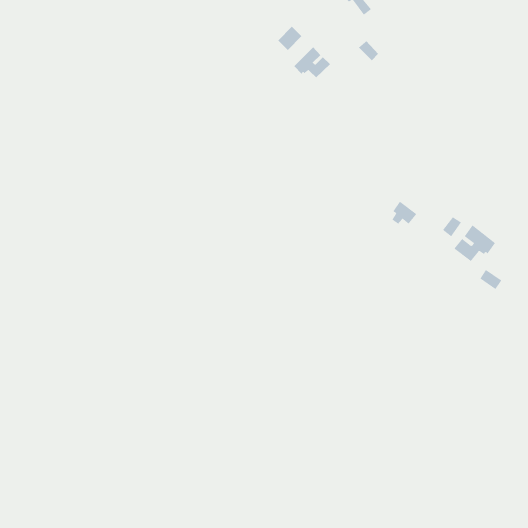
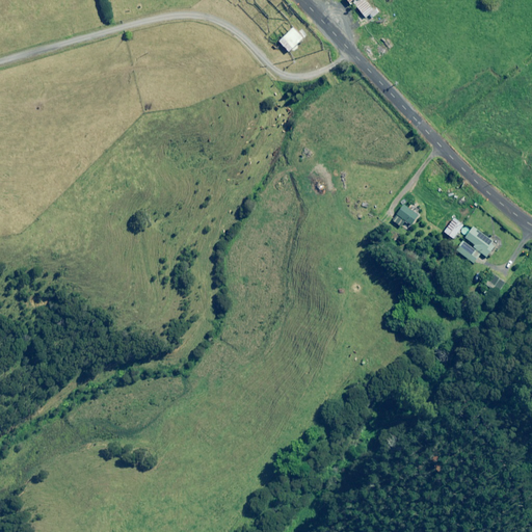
building: [294,47,331,78] -> none

